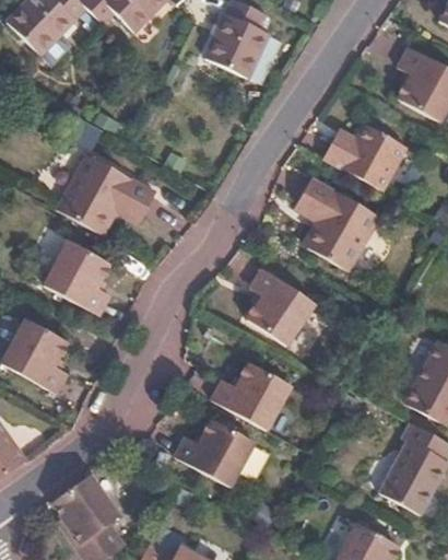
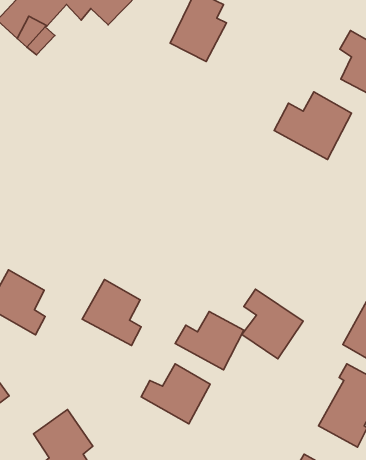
building: [55,152,155,230] -> none
building: [297,179,382,273] -> none
building: [42,238,108,313] -> [82,280,141,345]
building: [247,267,316,346] -> [242,289,303,359]

